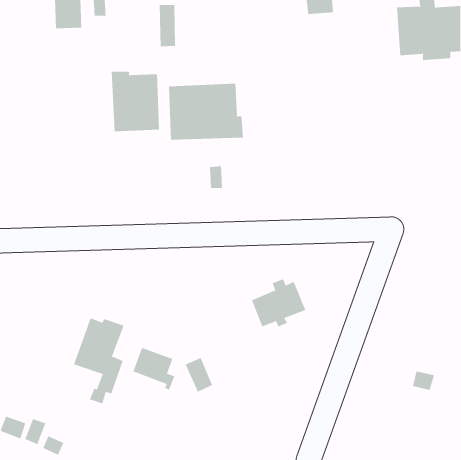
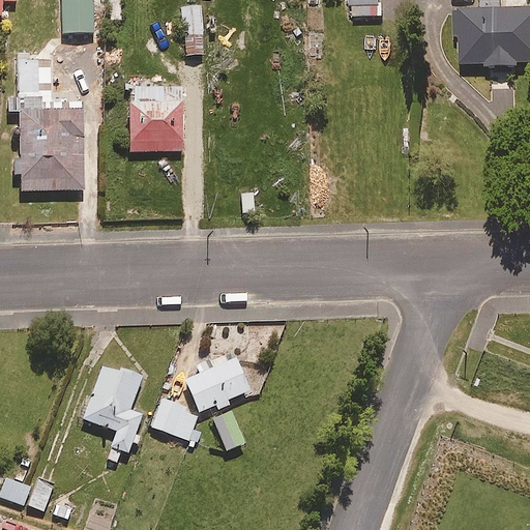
building: none -> [8,60,85,190]
building: [168,83,244,141] -> none
building: [251,279,306,327] -> [186,354,249,410]

